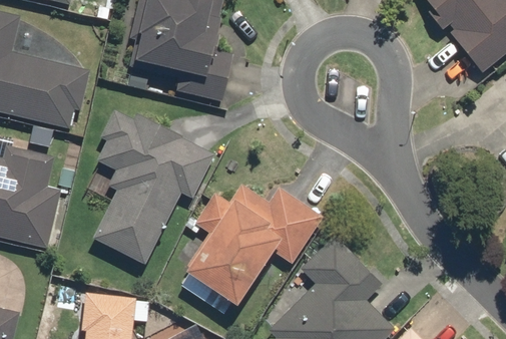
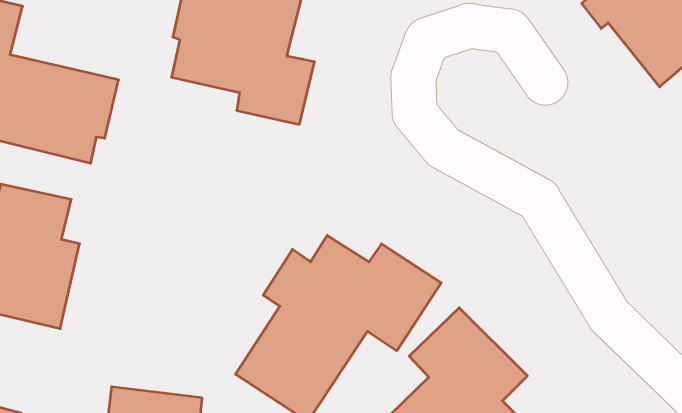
building: [91,109,215,266] -> none

